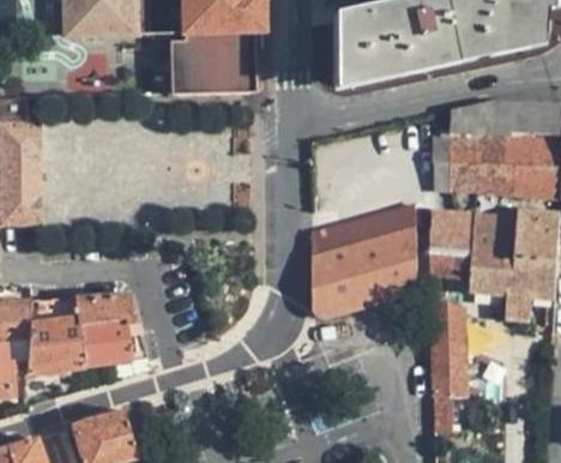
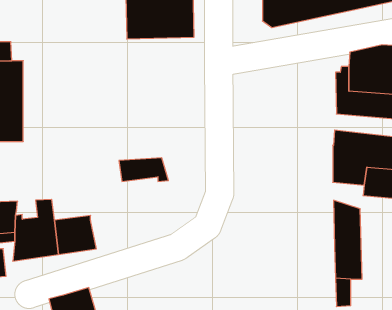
building: [312,204,418,318] -> none
building: [76,293,138,323] -> [119,158,168,181]

